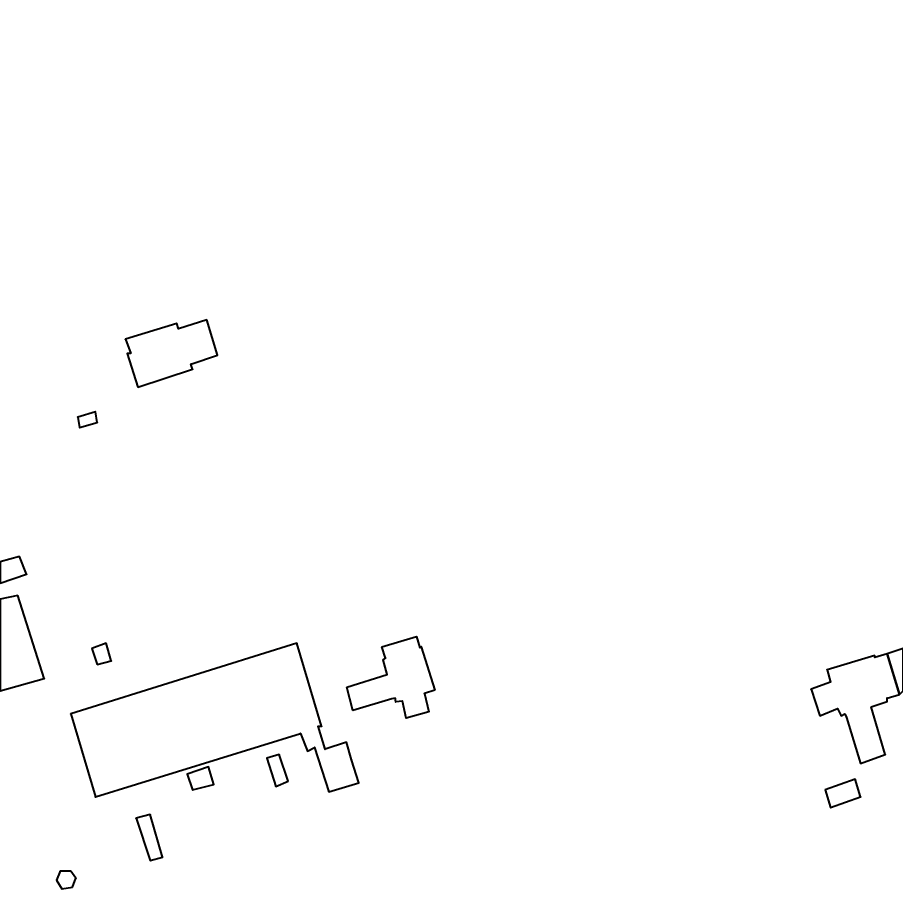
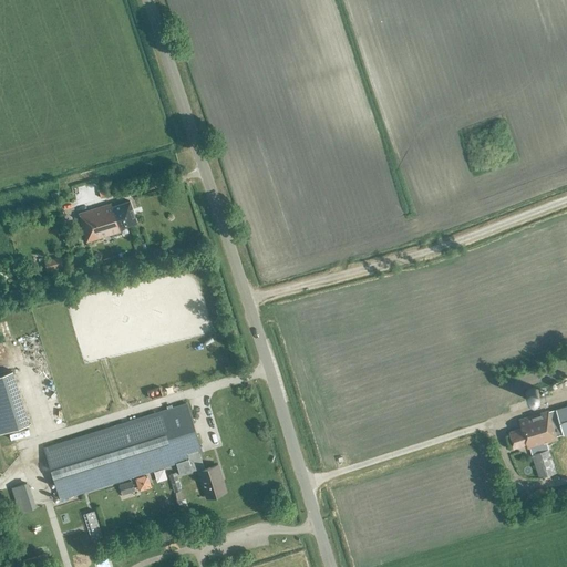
building: [347,637,435,718] -> none
building: none -> [11,483,34,513]

